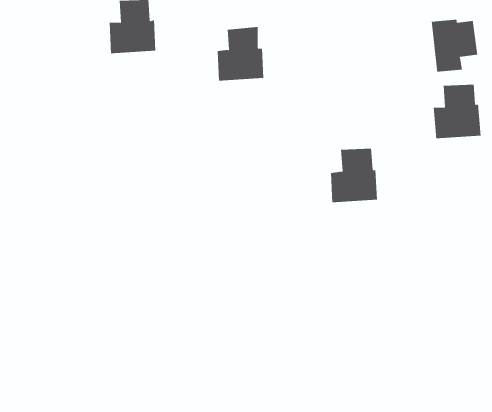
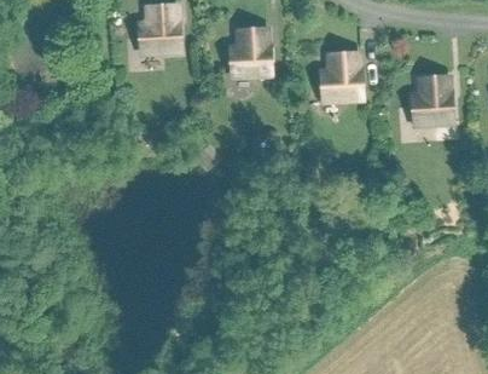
building: [431,19,478,72] -> none
building: [330,148,378,203] -> [321,51,361,97]

